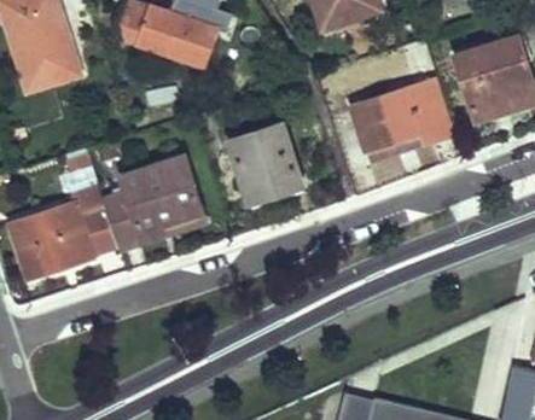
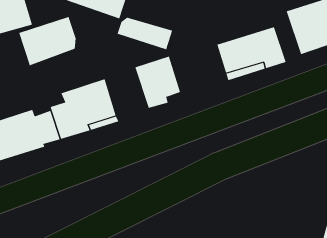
building: none -> [19,16,76,66]
building: none -> [117,17,173,50]

